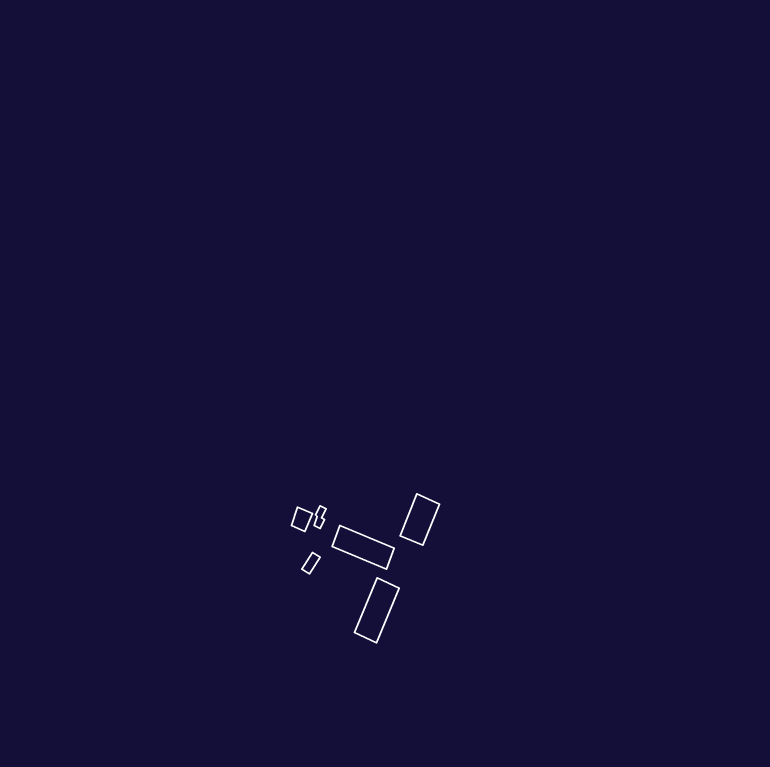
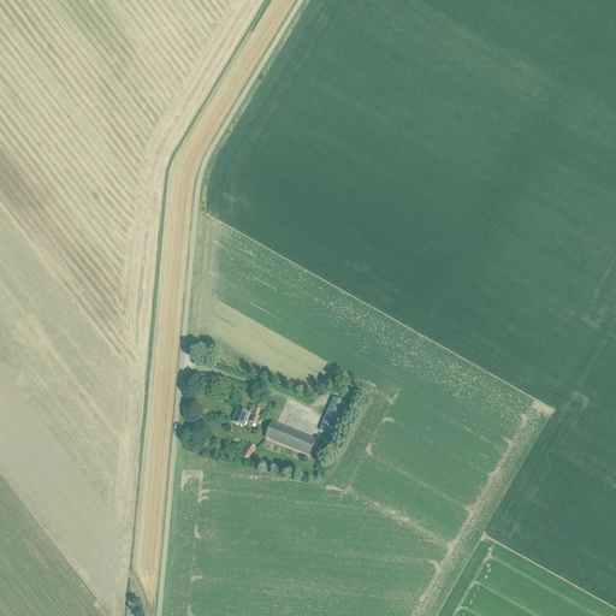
building: [354,578,399,643] -> none

